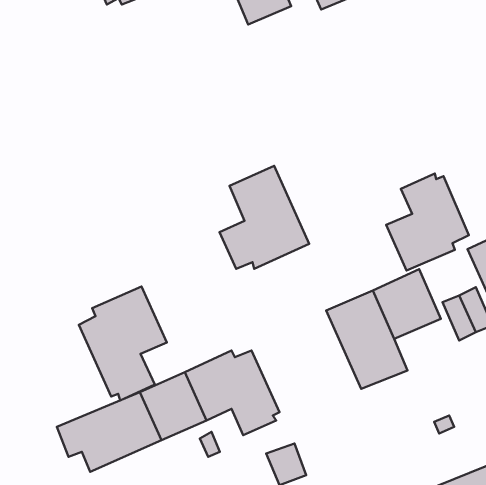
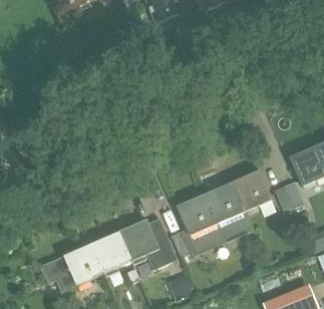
building: [219,166,309,269] -> [171,194,225,256]
building: [386,174,469,270] -> none
building: [79,287,167,400] -> none

